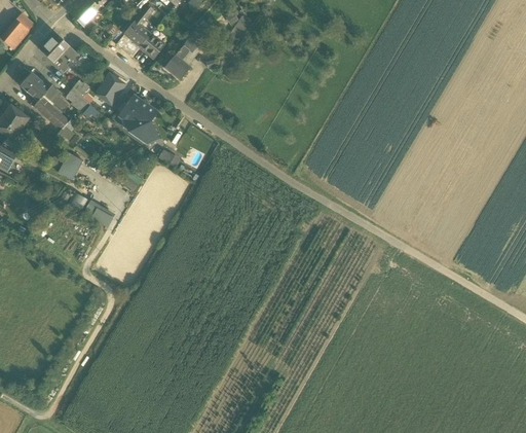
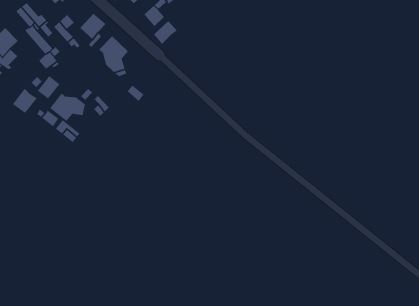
building: none -> [153,20,178,45]
building: none -> [49,92,86,122]
building: none -> [12,88,38,114]

